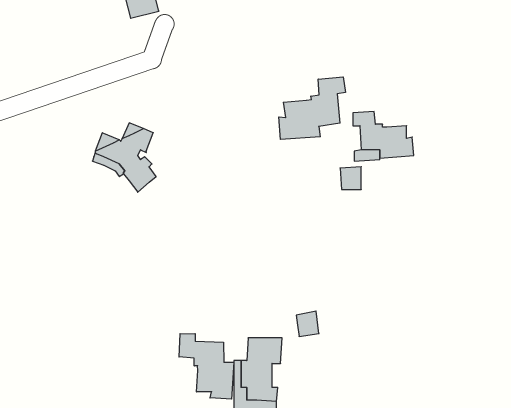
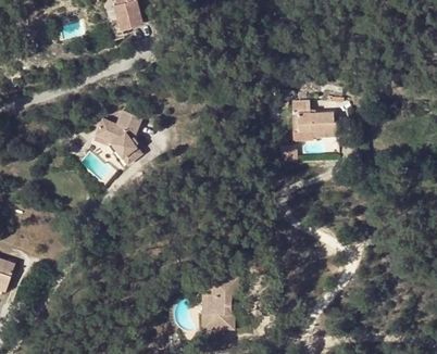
building: [279,77,345,139] -> none
building: [179,334,234,399] -> none

